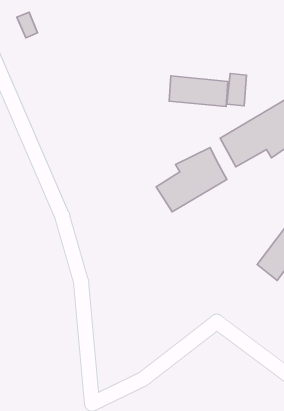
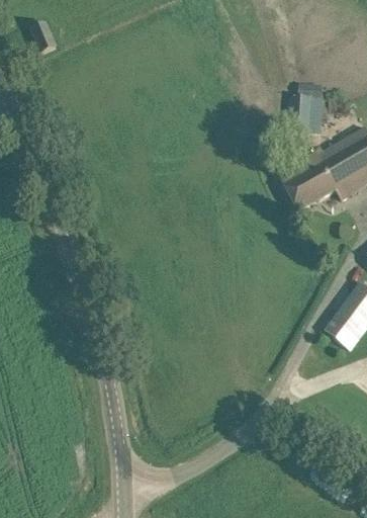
building: [169,76,228,107] -> none
building: [156,148,227,212] -> none

